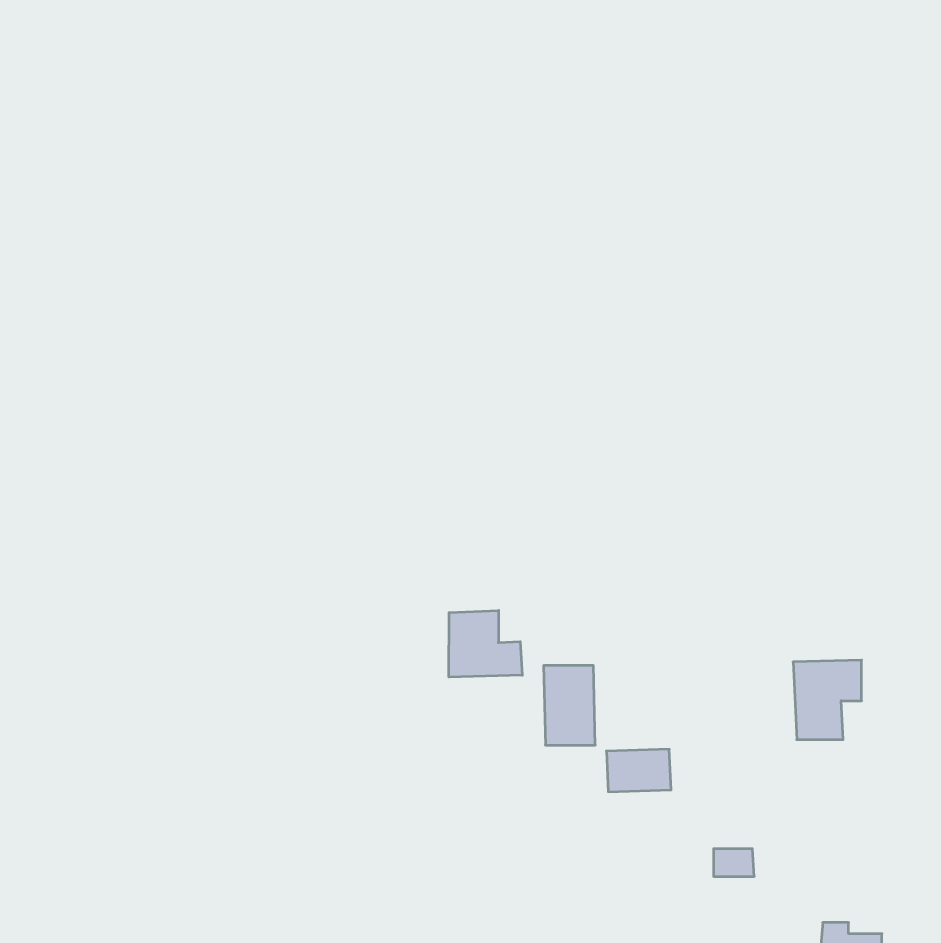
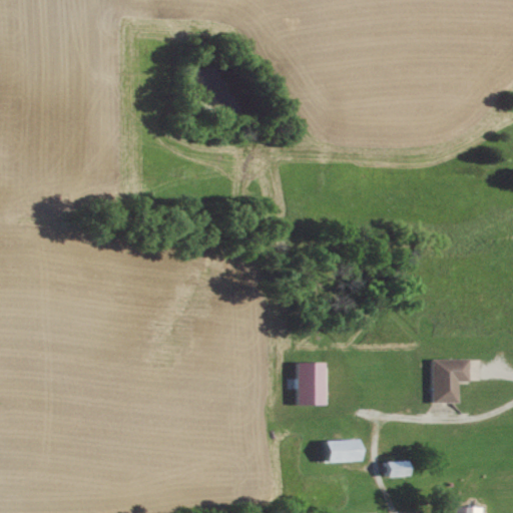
building: [449,610,522,677] -> none
building: [606,749,671,792] -> [326,439,361,462]

